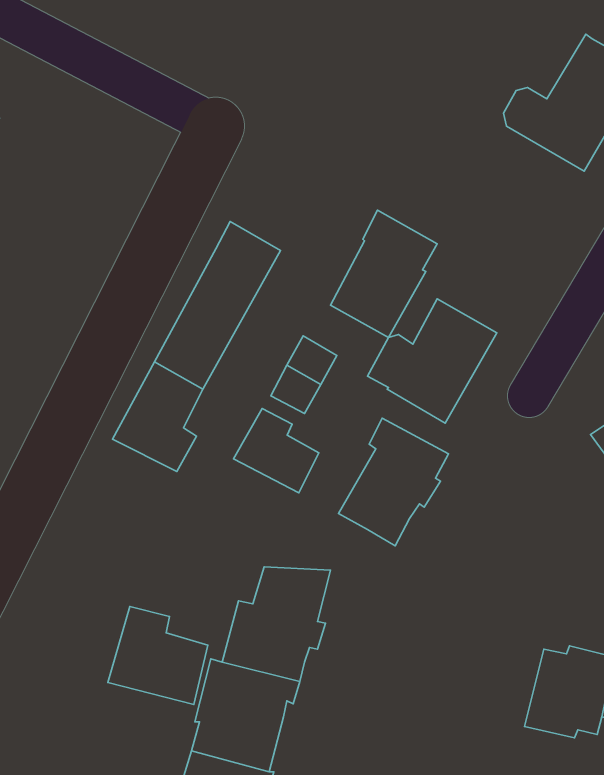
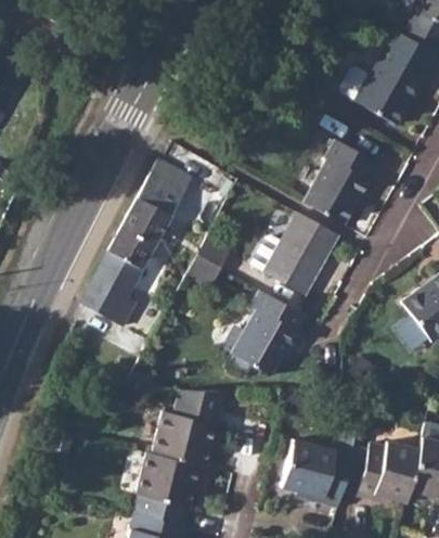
building: [330,210,437,338] -> [304,137,375,222]
building: [234,408,319,493] -> none
building: [108,607,208,704] -> none
building: none -> [280,439,350,509]

